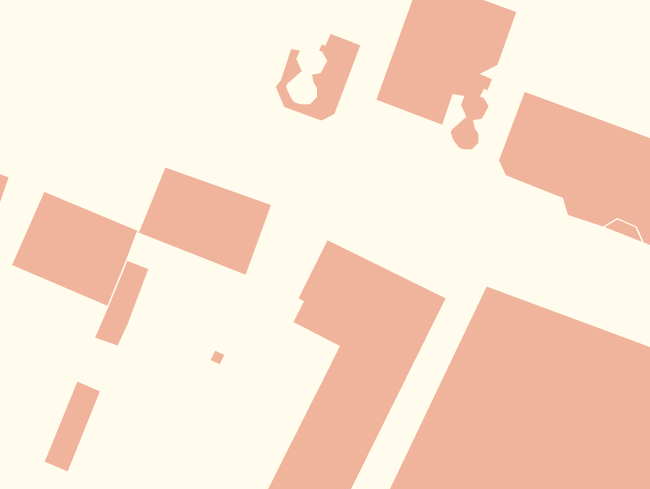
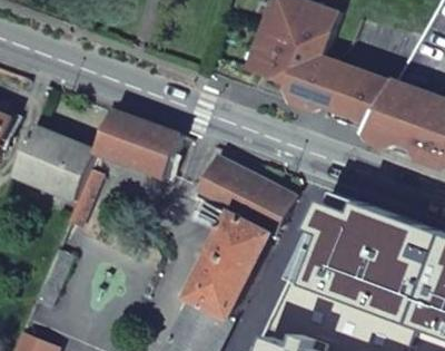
building: [275,33,361,121] -> [288,52,344,109]

